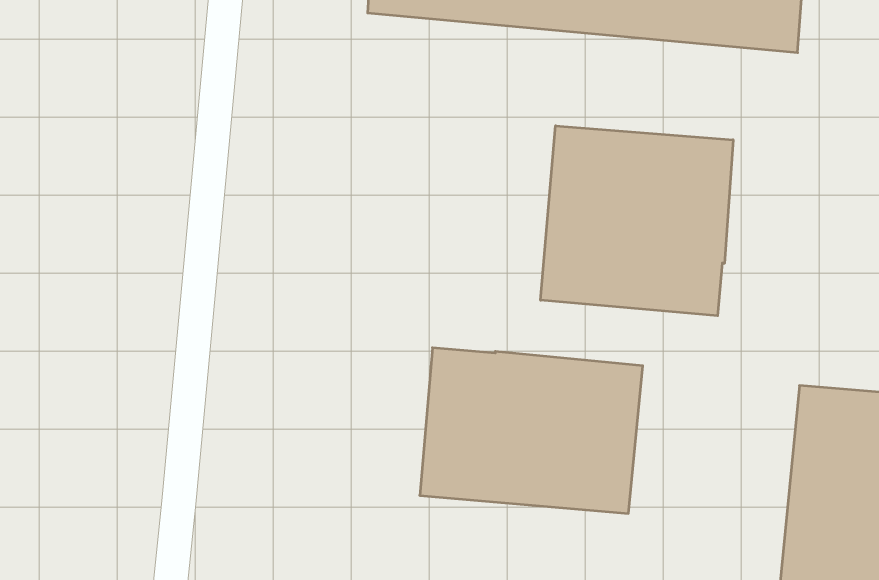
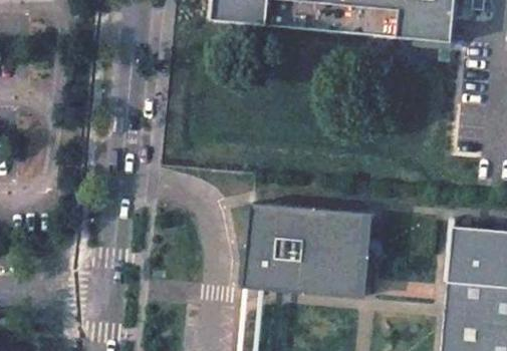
building: [541,126,733,316] -> none

